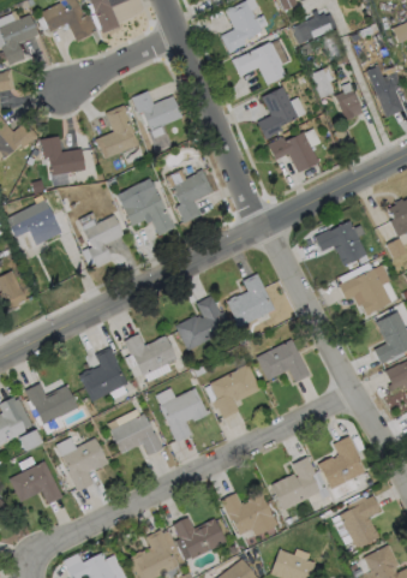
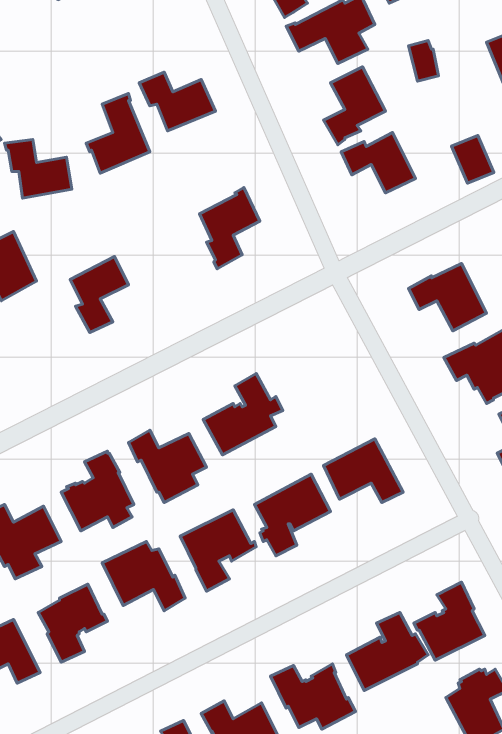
building: [334,88,363,120] -> [451,135,494,183]
building: [116,178,175,236] -> none
building: [225,273,274,327] -> none

